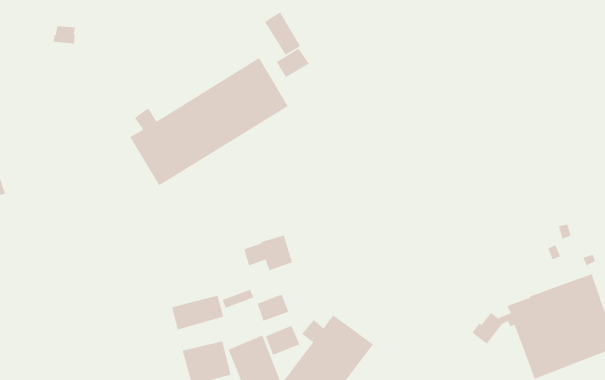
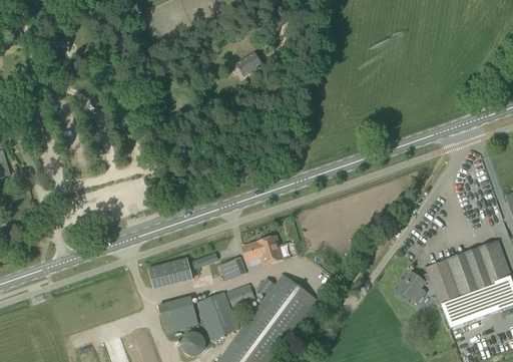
building: [264,12,301,56] -> none
building: [129,57,289,186] -> none
building: [244,235,293,271] -> [241,235,283,265]

